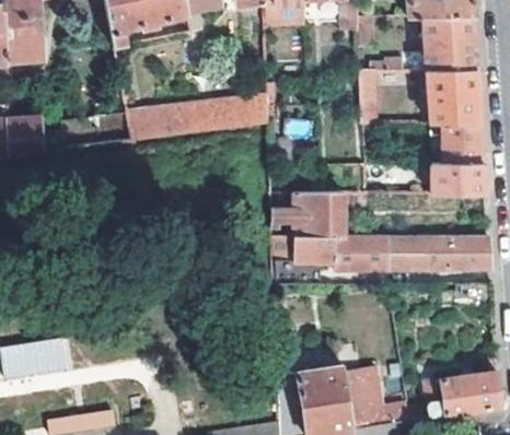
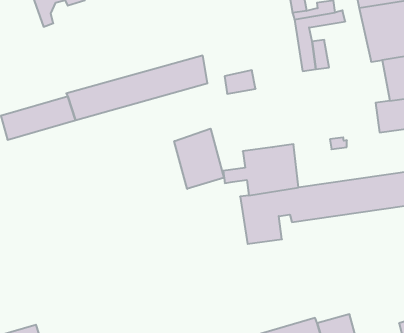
building: none -> [174,129,224,189]

